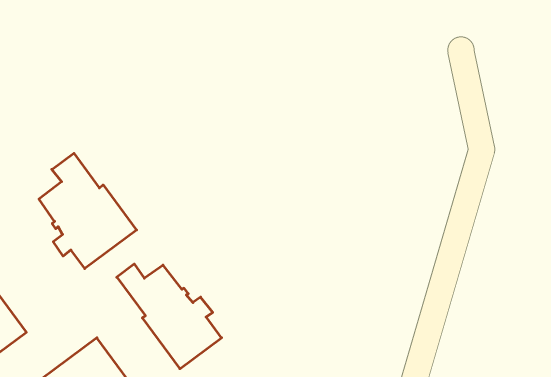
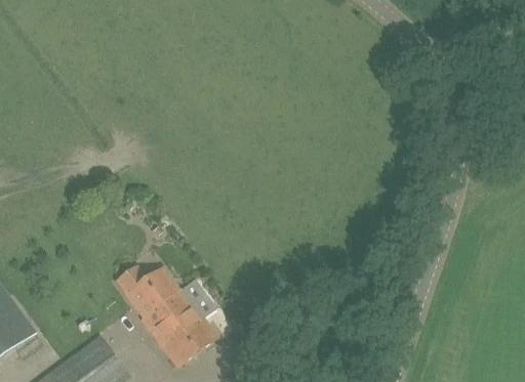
building: [39,153,137,269] -> none

